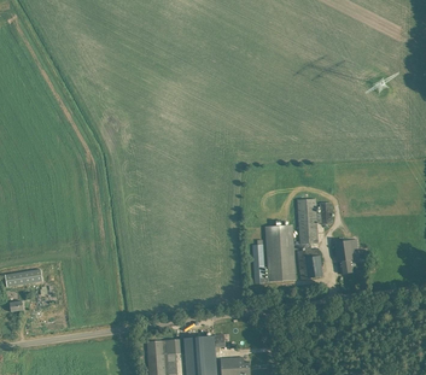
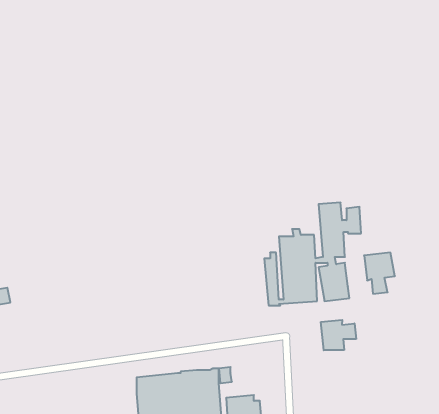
building: none -> [321,320,356,350]

